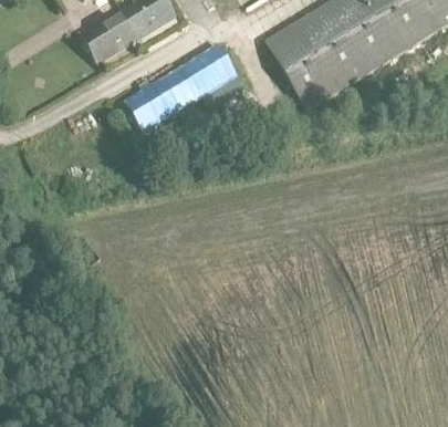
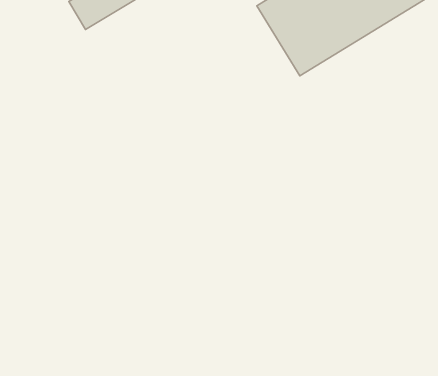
building: [126,43,249,131] -> none

